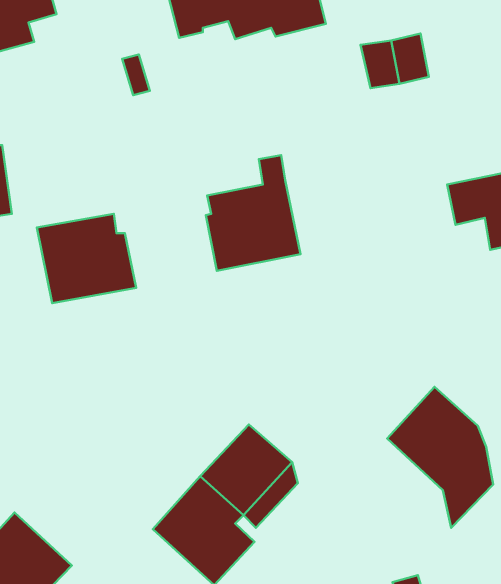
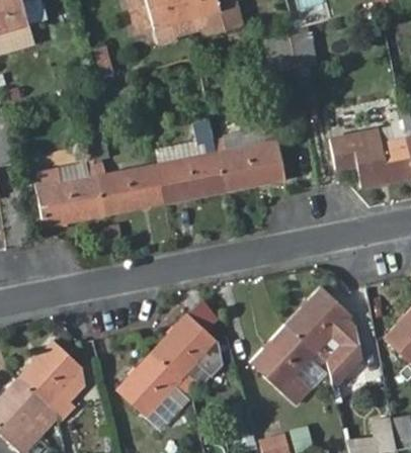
building: none -> [213,134,284,191]
building: none -> [96,163,163,215]
building: none -> [251,325,327,405]
building: none -> [16,341,85,421]

